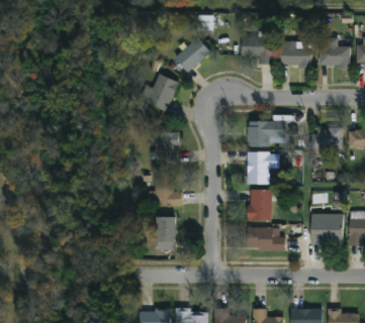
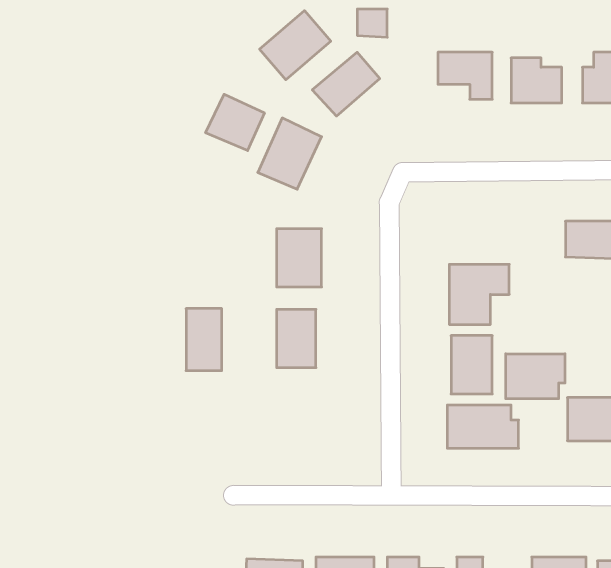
building: none -> [260,11,331,80]
building: none -> [206,94,264,151]
building: [248,121,286,146] -> none
building: none -> [506,354,565,399]
building: [157,217,176,250] -> [186,309,222,371]

